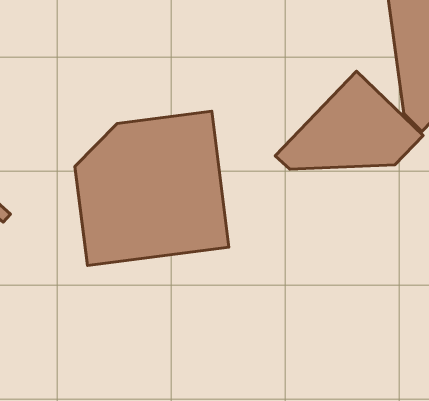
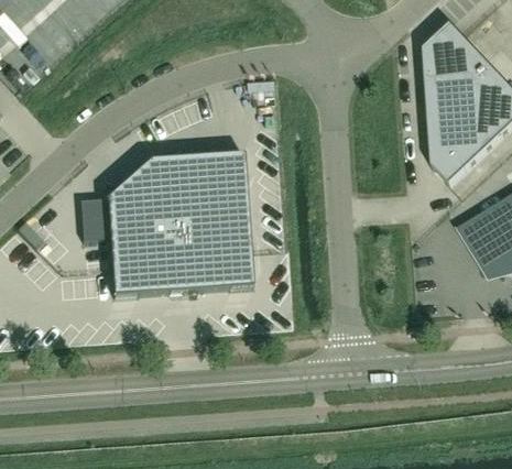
building: [275,71,423,169] -> none

